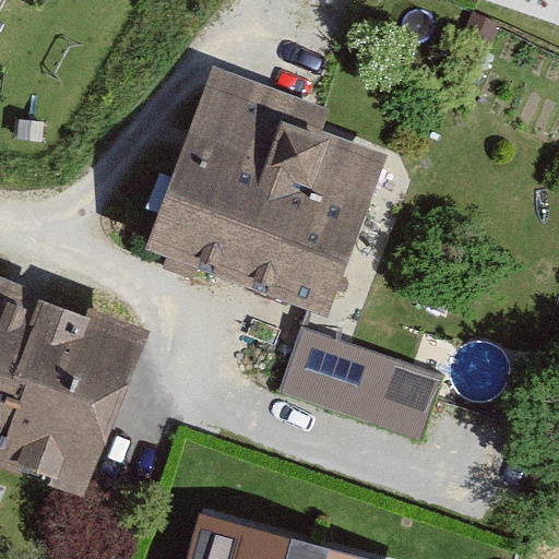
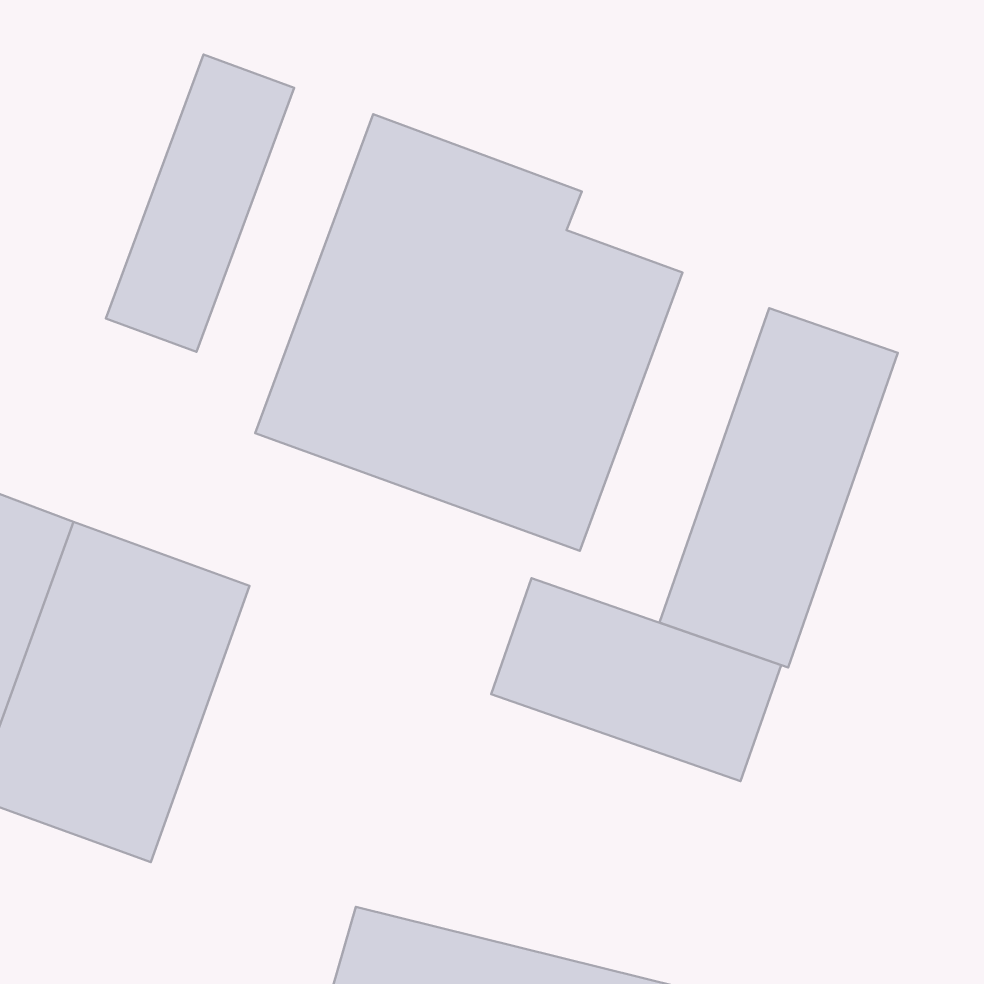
building: none -> [106,55,294,352]
building: none -> [660,308,898,667]

